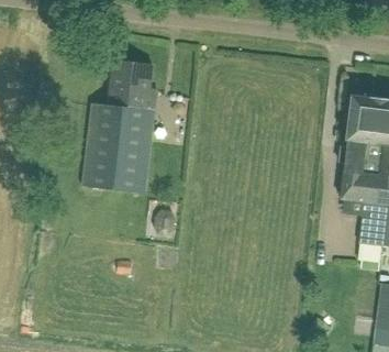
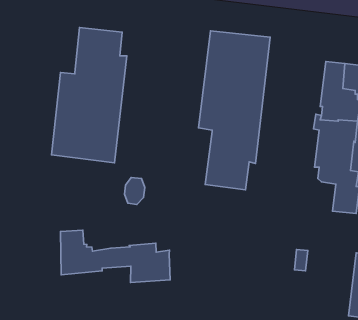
building: none -> [199,31,270,190]
building: none -> [60,230,170,283]

